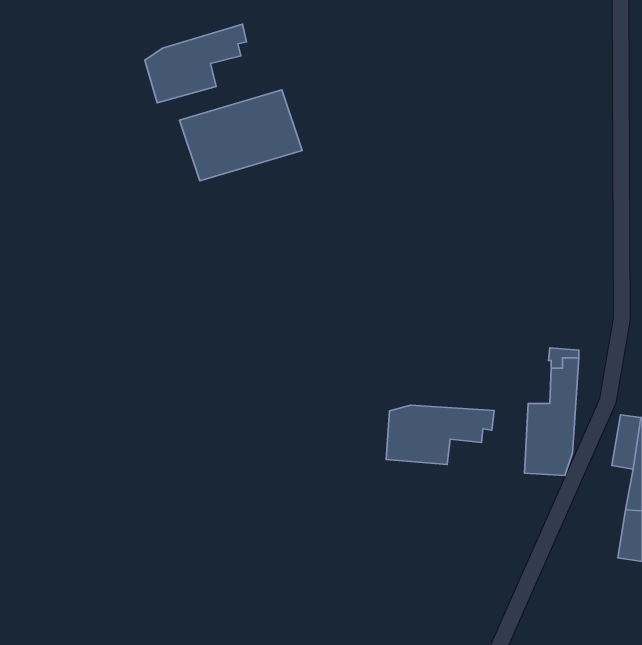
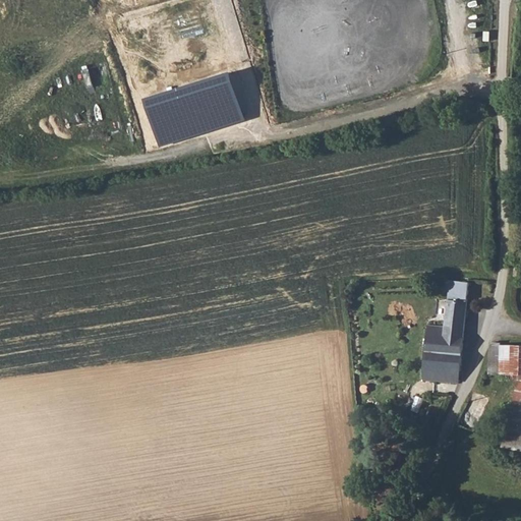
building: [145,24,247,103] -> none
building: [386,405,494,465] -> none

